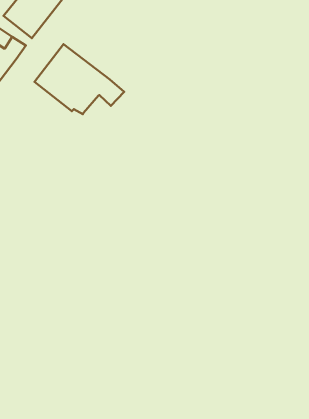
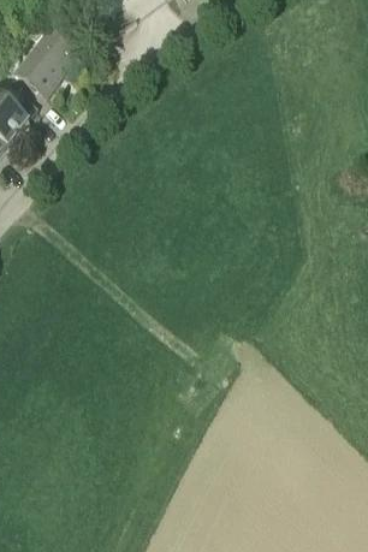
building: [34,44,124,114] -> none

